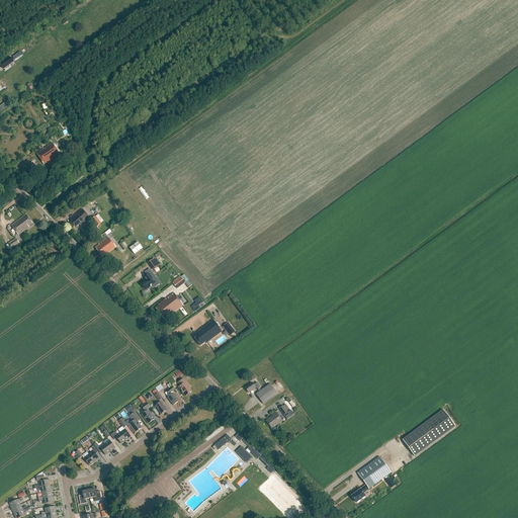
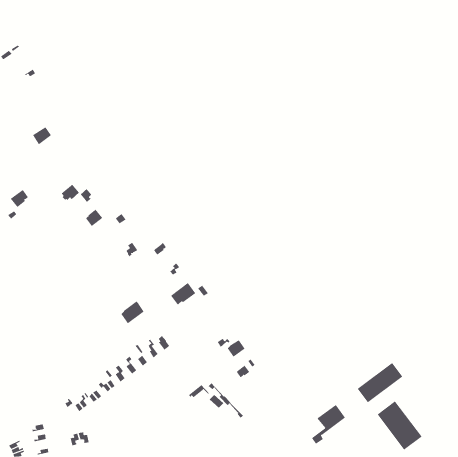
building: [156,292,183,319] -> [120,301,145,324]
building: none -> [377,400,422,451]

